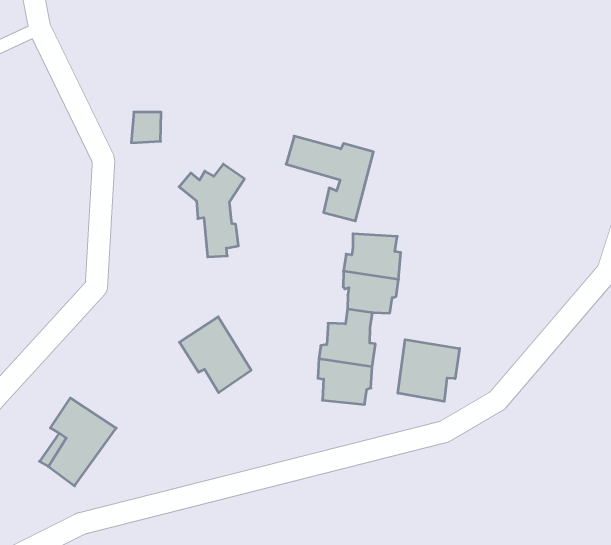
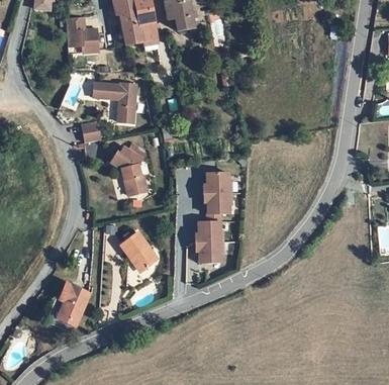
building: [286,136,373,221] -> [90,83,134,122]
building: [398,340,460,401] -> none

